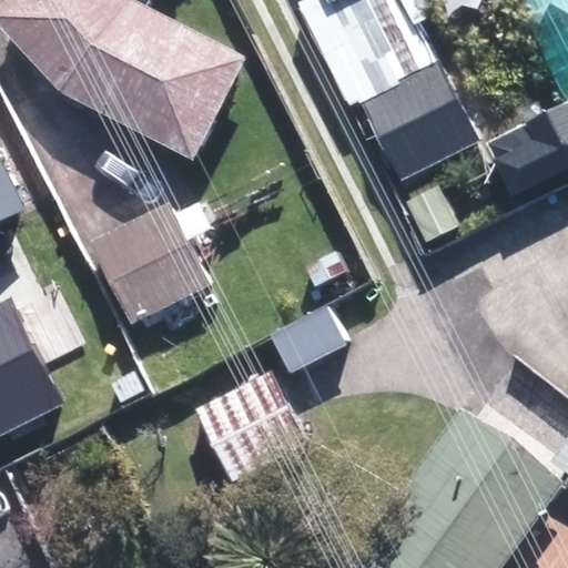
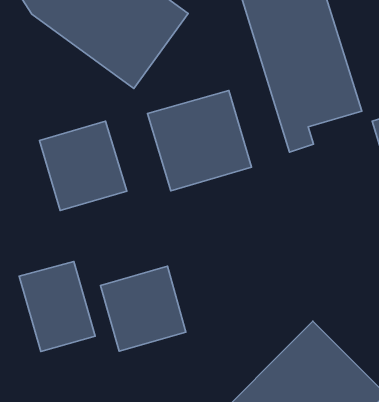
building: none -> [148,91,252,191]
building: none -> [19,261,95,352]

